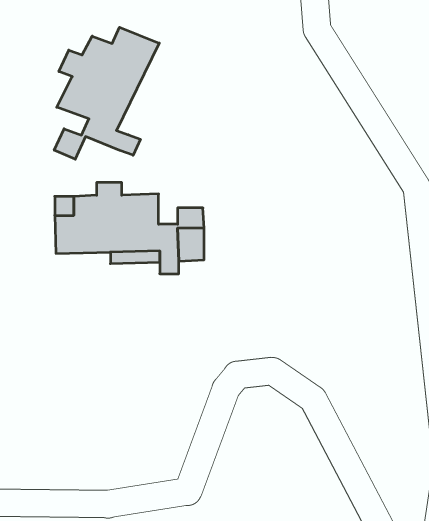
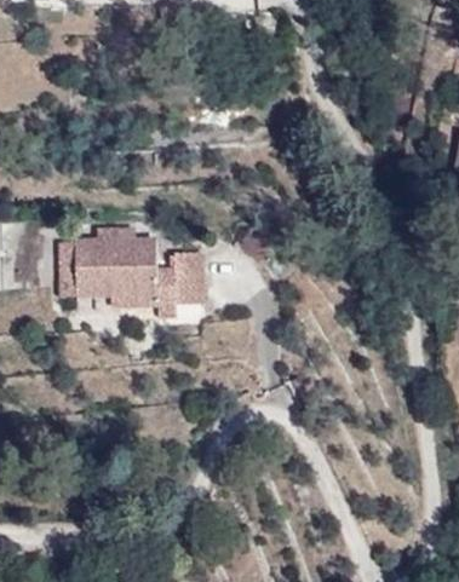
building: [54,27,159,159] -> none

